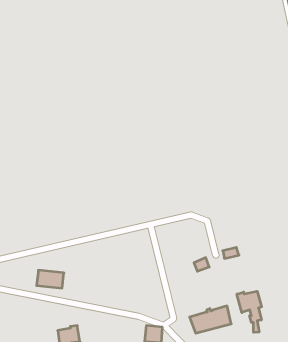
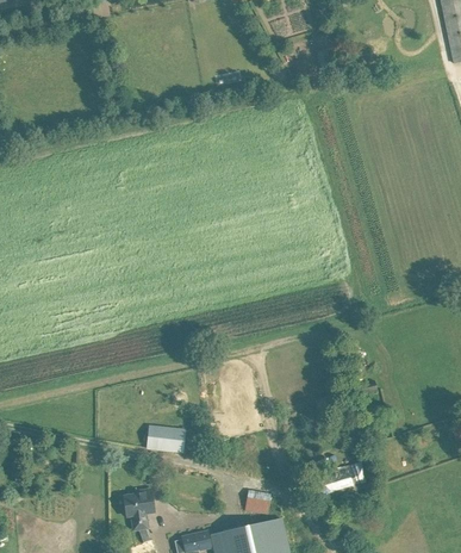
building: [37,270,64,288] -> [145,425,183,451]
building: [237,291,262,332] -> none

